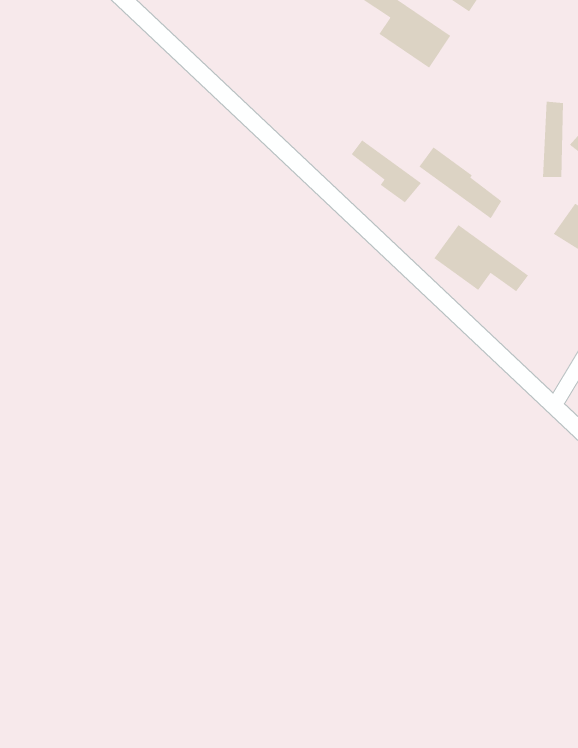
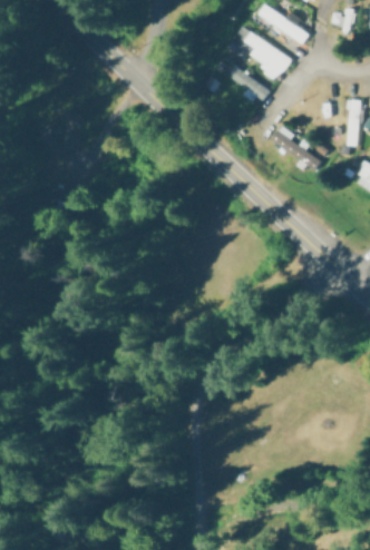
building: [351,140,422,203] -> [227,65,271,104]
building: [434,224,529,292] -> none

